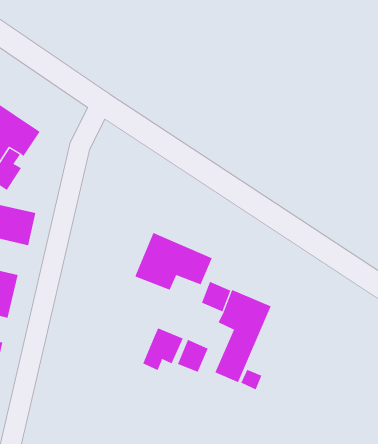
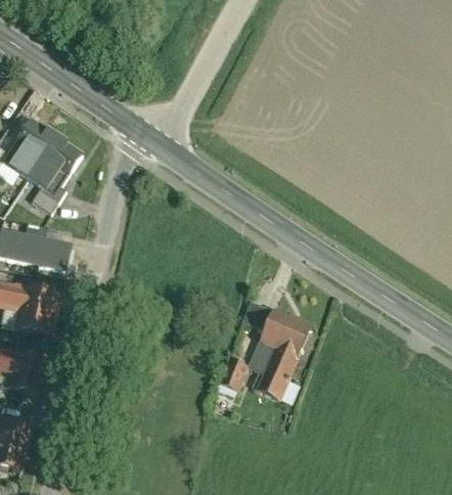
building: [134,232,213,291] -> none
building: [143,327,183,371] -> none

